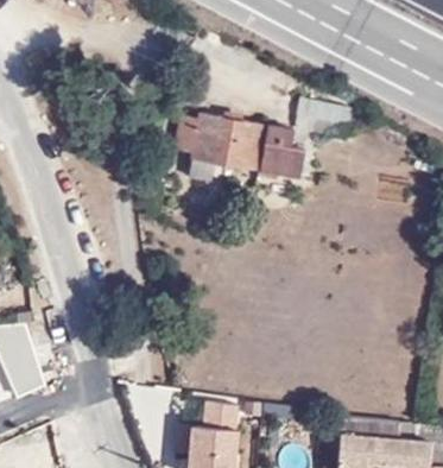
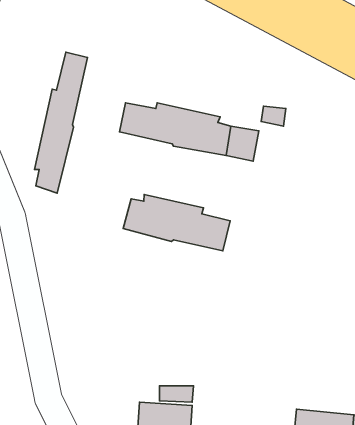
building: none -> [34,52,87,193]
building: none -> [123,195,230,251]

